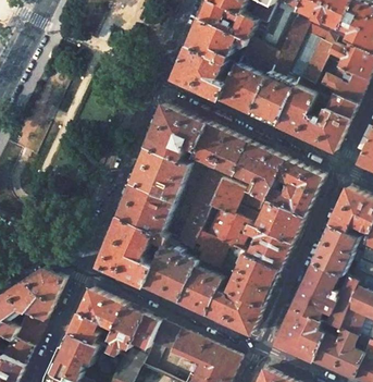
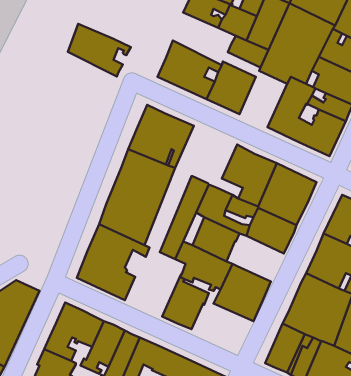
building: [187,20,246,69] -> [68,24,131,76]
building: [249,74,294,126] -> none
building: [189,125,247,183] -> none
building: [246,225,290,270] -> none
building: [142,247,196,303] -> none
building: [204,291,262,335] -> none

